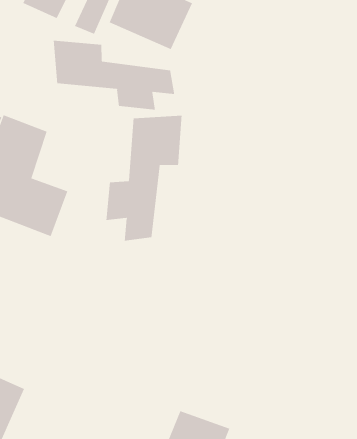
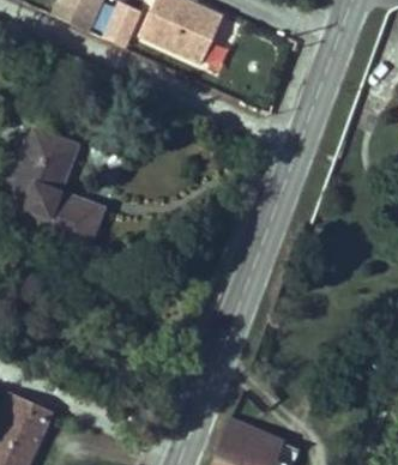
building: [53,40,175,111] -> none
building: [106,115,182,242] -> none

